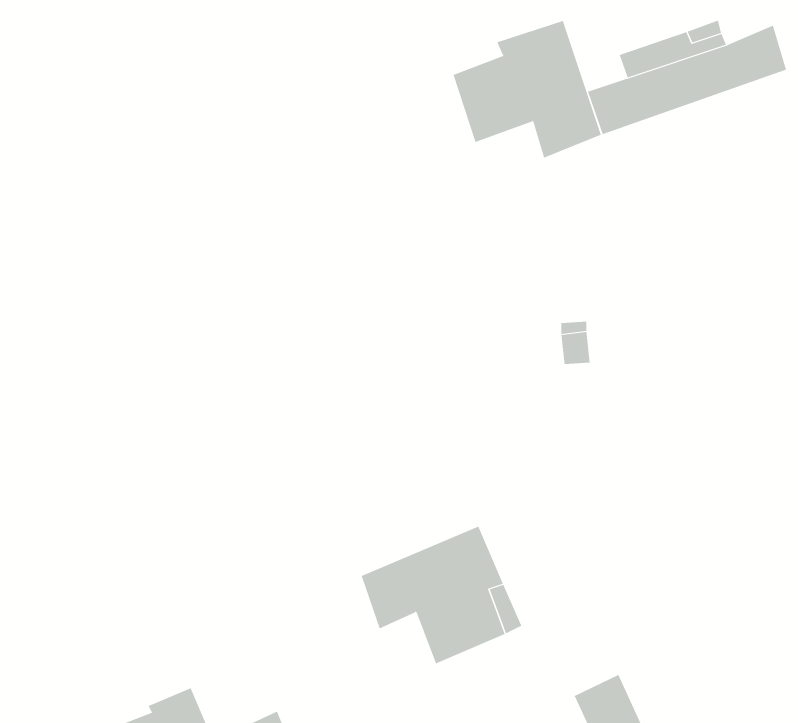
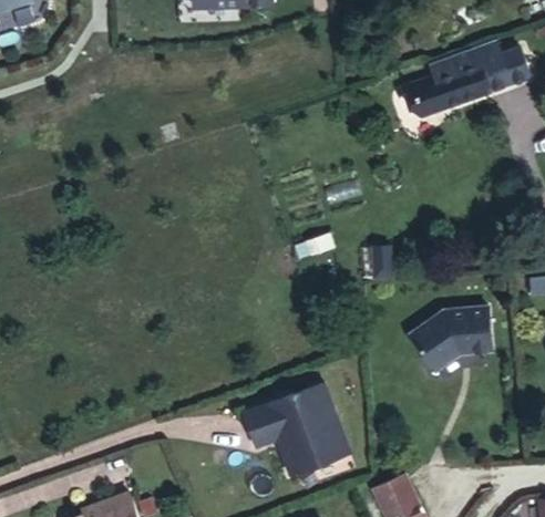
building: [453,20,602,158] -> none
building: none -> [412,310,495,373]

